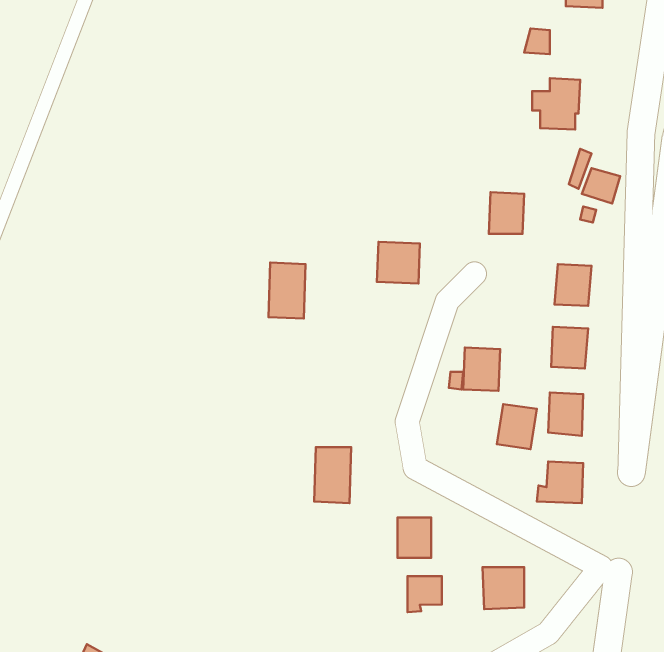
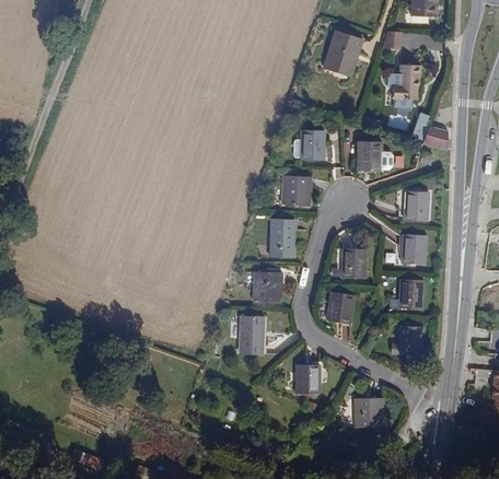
building: none -> [323,31,362,75]
building: none -> [300,130,325,159]
building: [269,263,305,319] -> [269,219,294,257]
building: none -> [253,271,281,301]
building: [497,404,537,449] -> [326,292,353,323]
building: [407,576,442,612] -> none

